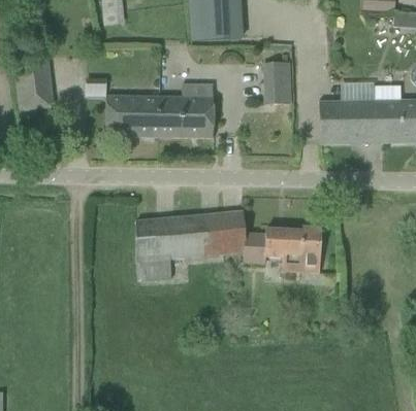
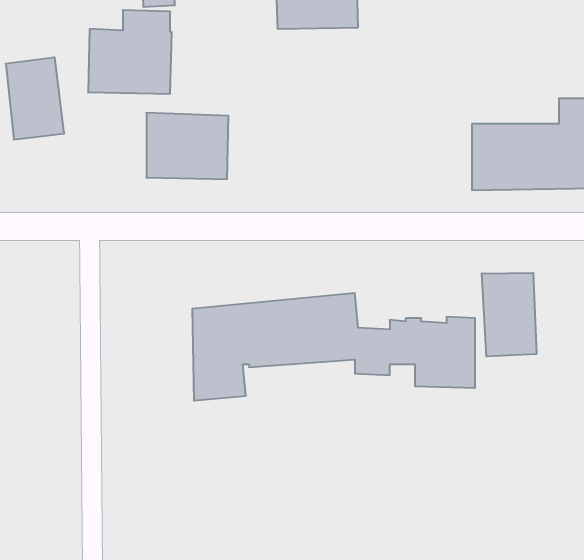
building: [264,62,291,103] -> none
building: [159,82,214,137] -> [88,10,172,94]
building: none -> [482,273,536,356]

